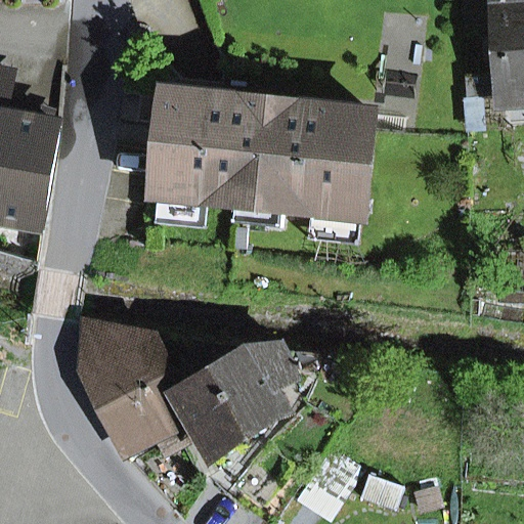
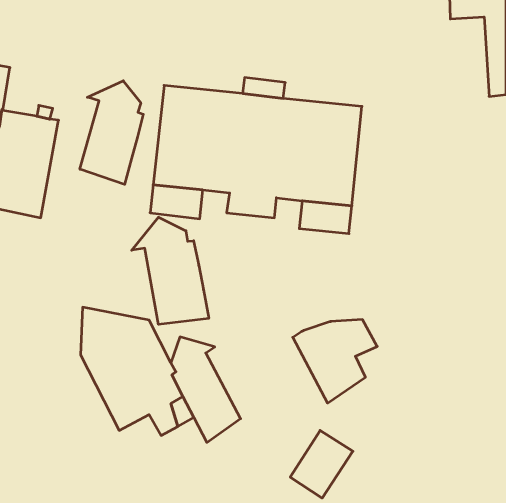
building: none -> [80,81,143,184]
building: none -> [132,217,209,324]
building: [212,345,299,431] -> [293,320,377,403]

